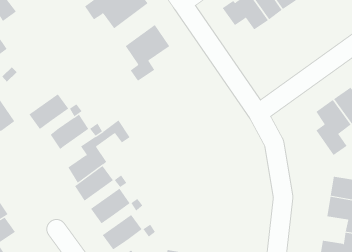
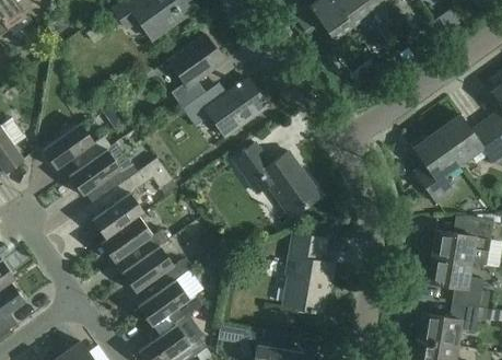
building: none -> [183,77,268,136]
building: none -> [233,142,320,217]
building: none -> [284,233,332,311]

